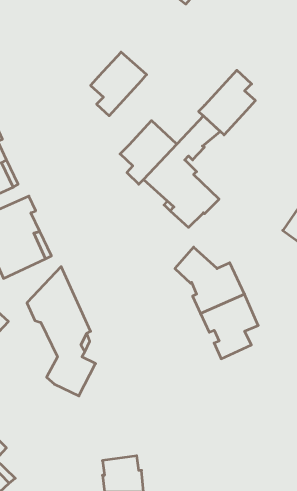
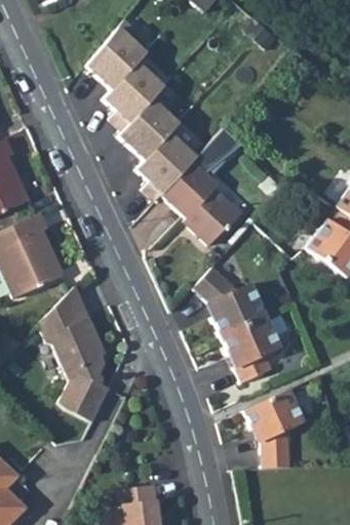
building: none -> [86,19,147,87]
building: [199,70,255,135] -> [119,91,179,159]
building: none -> [243,389,304,468]

